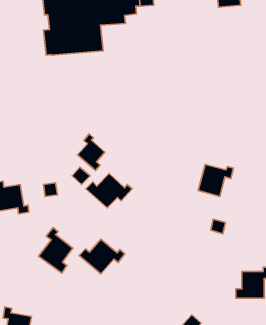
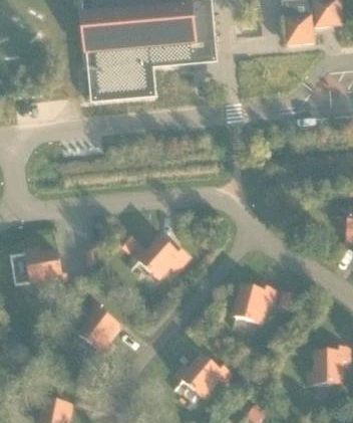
building: [78,134,105,171] -> none
building: [198,165,233,196] -> [234,285,275,323]
building: [79,239,125,274] -> [177,355,230,395]

